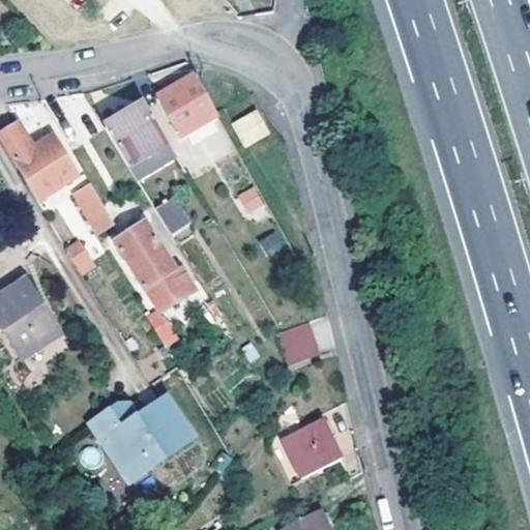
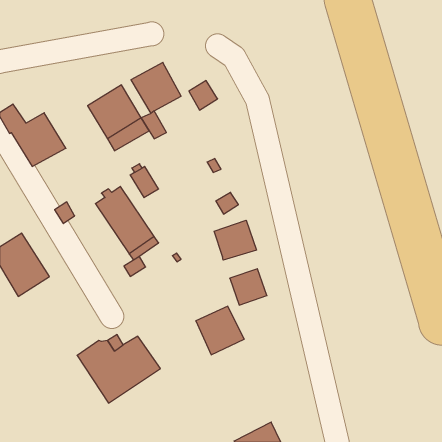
building: [73,183,115,236] -> none
building: none -> [214,220,256,260]
building: [283,417,341,475] -> [196,306,244,355]

